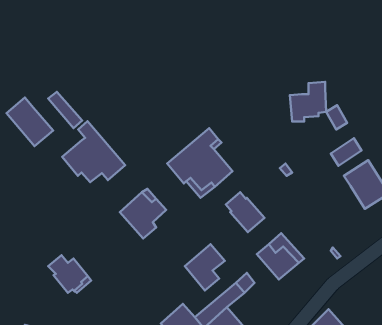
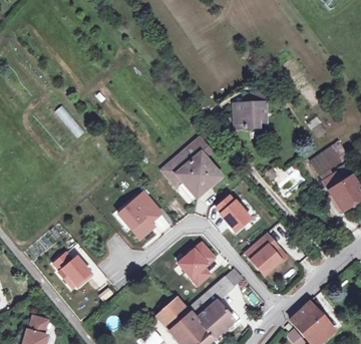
building: [290,82,326,122] -> [233,92,266,128]
building: [6,98,53,146] -> none
building: [62,121,125,182] -> none

